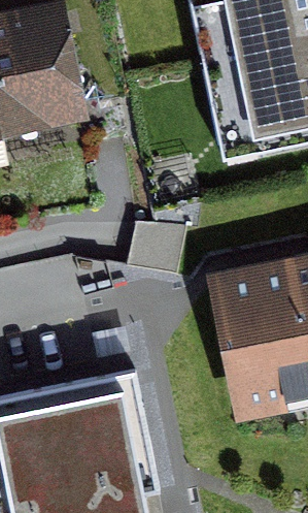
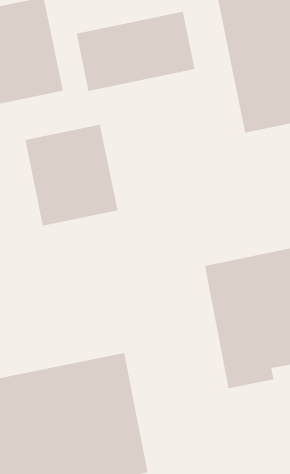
building: none -> [76,11,195,92]
building: none -> [24,124,119,226]

